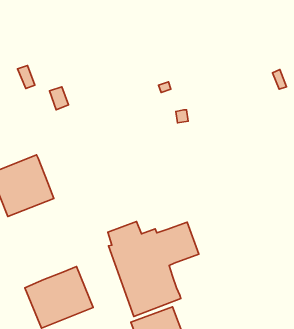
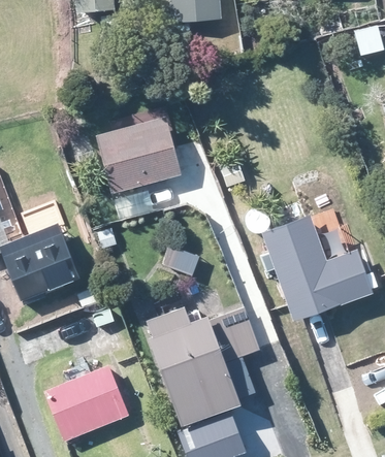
building: none -> [98,117,183,193]
building: none -> [262,216,372,319]

